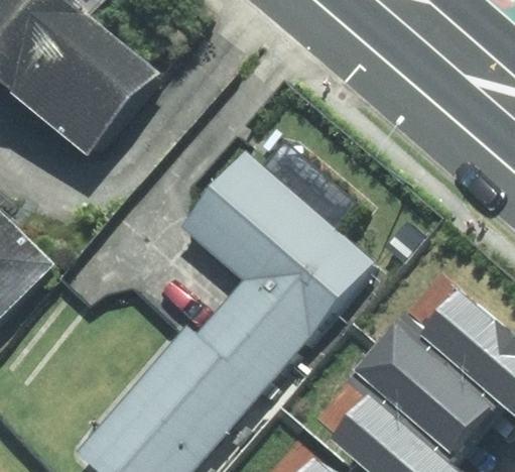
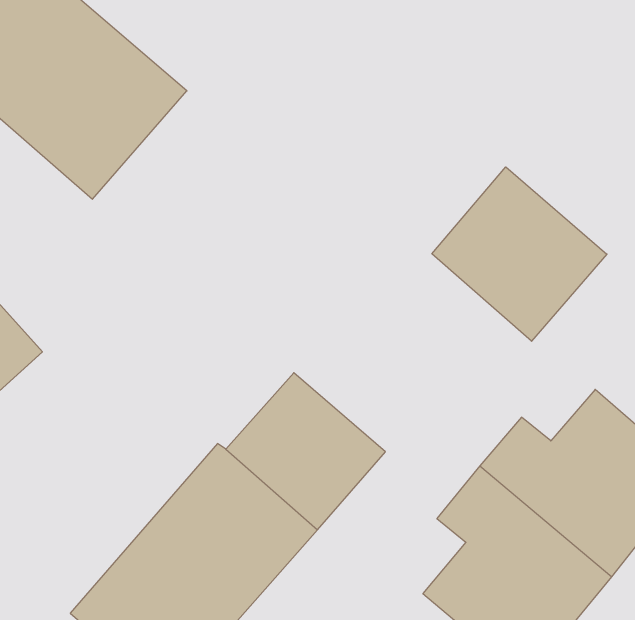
building: none -> [432,167,607,341]
building: [189,156,380,339] -> none

